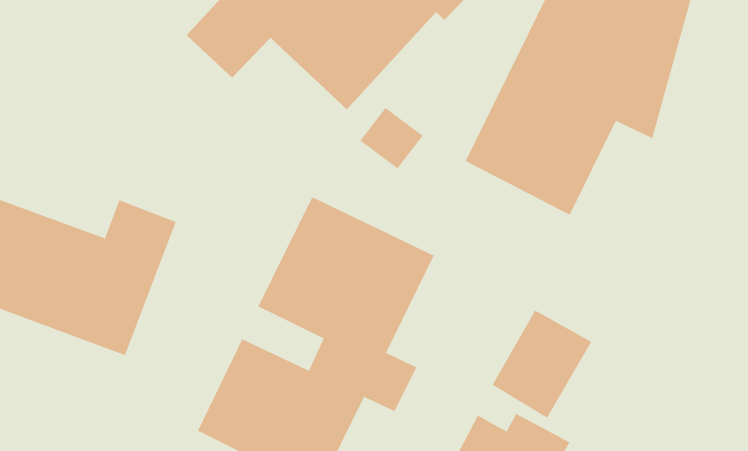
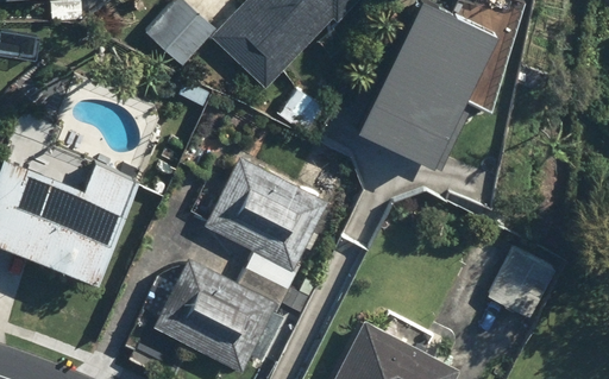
building: [492,310,592,418] -> [484,244,559,324]

